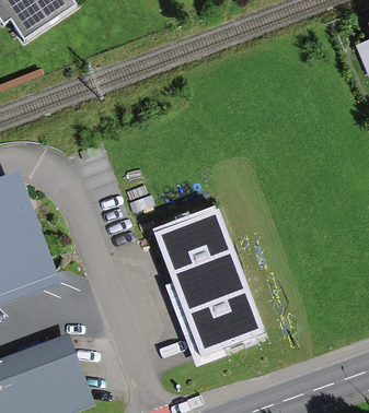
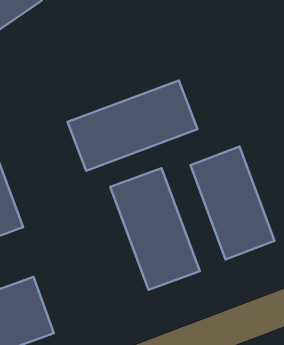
building: none -> [68,80,198,171]
building: none -> [190,147,274,260]

